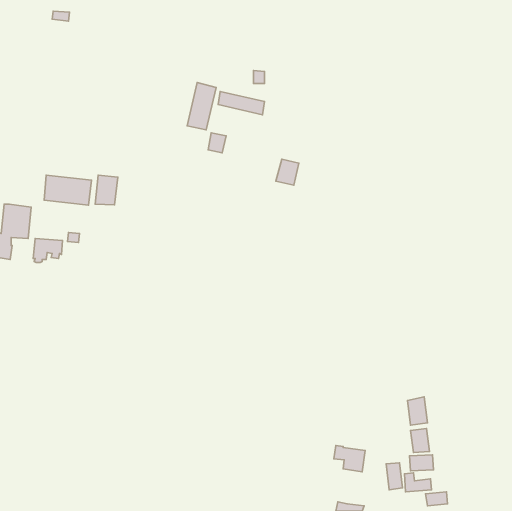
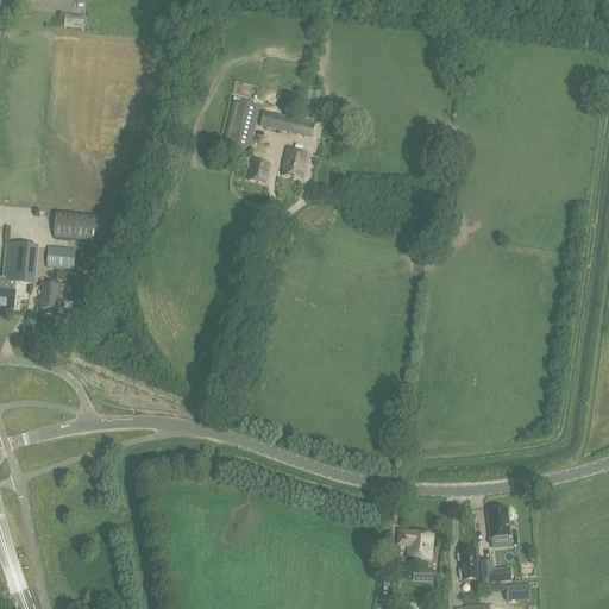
building: [276,159,299,185] -> [278,146,306,177]
building: [95,175,118,205] -> none
building: none -> [45,245,74,268]
building: [407,397,428,425] -> none

